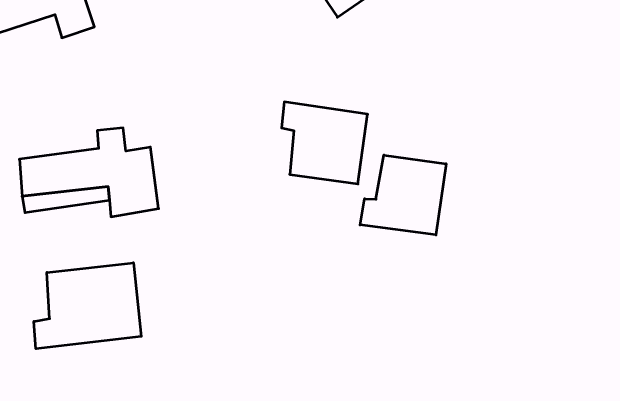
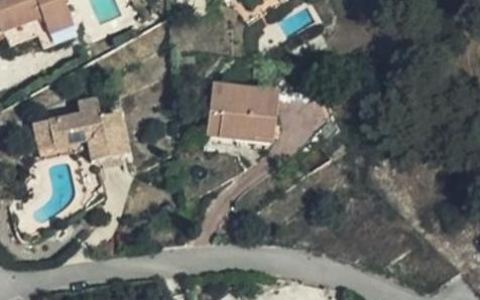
building: [360,155,446,235] -> none
building: [34,263,141,349] -> none

